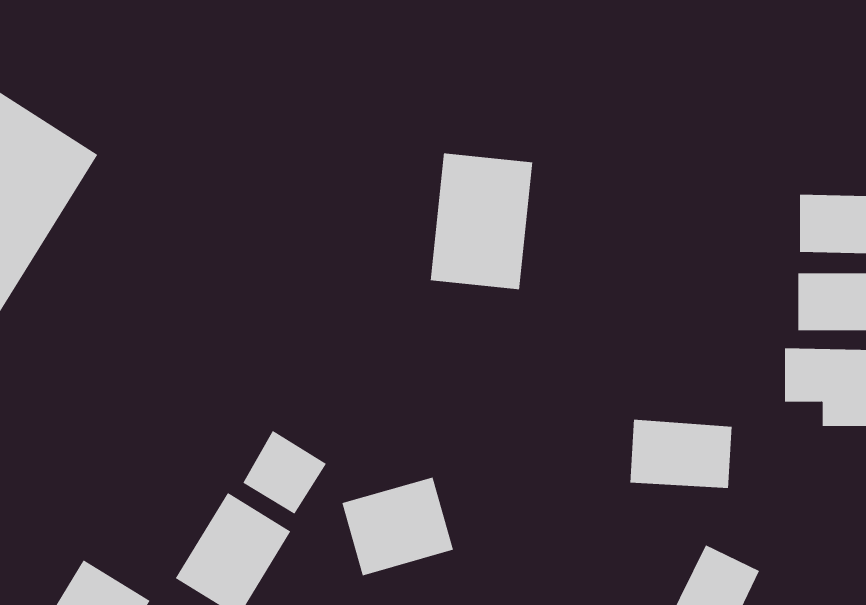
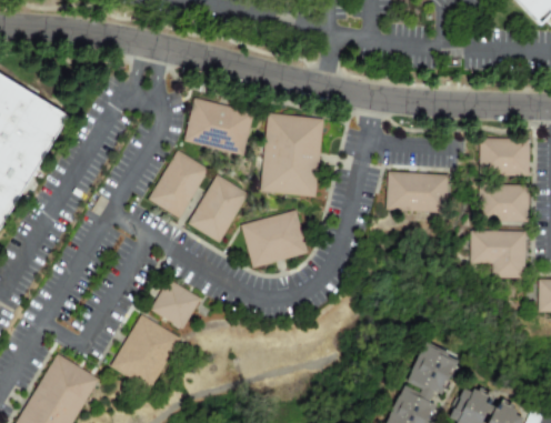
building: none -> [186,97,252,153]
building: none -> [147,151,208,219]
building: none -> [187,174,248,243]
building: [629,419,733,488] -> [387,171,448,212]
building: [341,477,454,576] -> [241,210,308,269]

